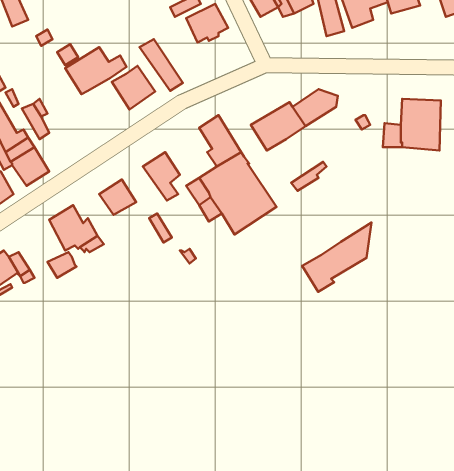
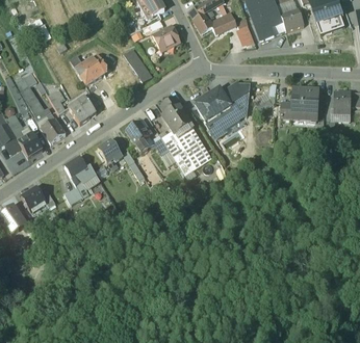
building: [112,66,155,109] -> [68,96,96,124]
building: [302,222,371,292] -> [205,93,250,137]

